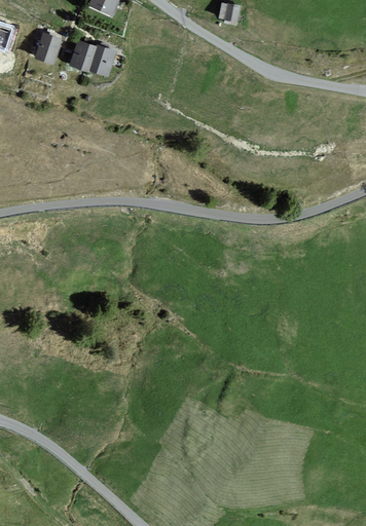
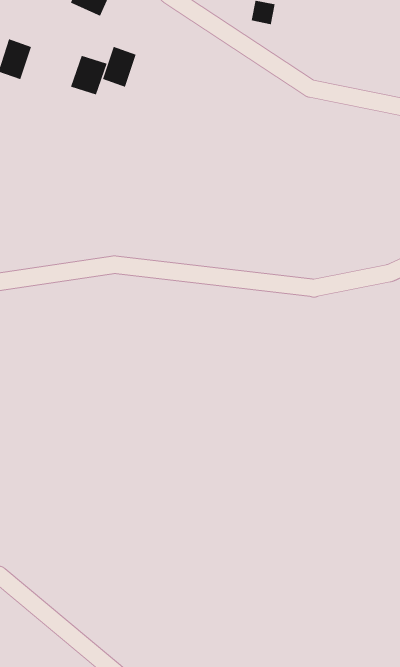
building: [69,40,95,71] -> [102,46,137,88]

